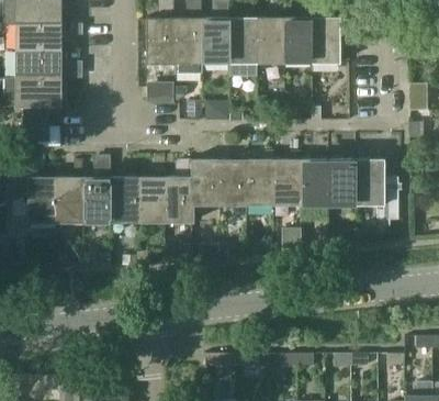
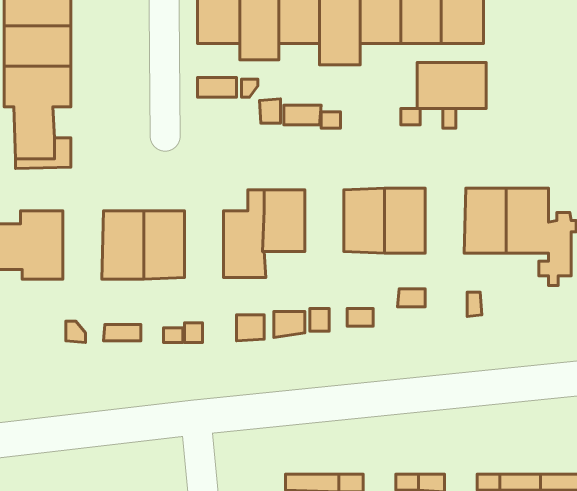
building: none -> [417,62,486,109]
building: [301,161,328,205] -> none
building: [220,163,246,204] -> none
building: [56,177,83,223] -> none
building: [138,177,165,222] -> none

